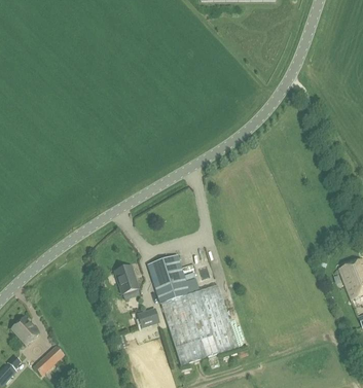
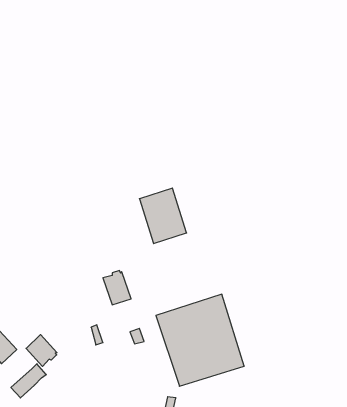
building: [148,254,189,303] -> [139,188,187,244]
building: none -> [26,335,57,366]

